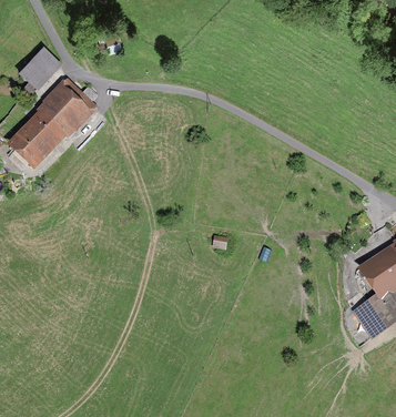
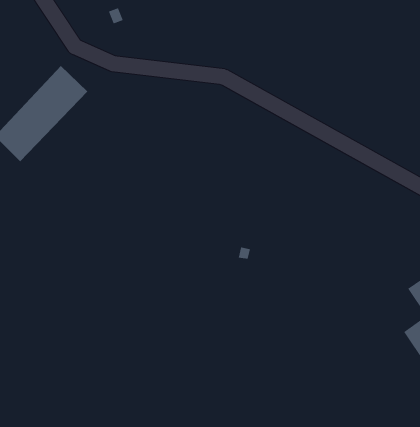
building: [21,49,58,87] -> none

